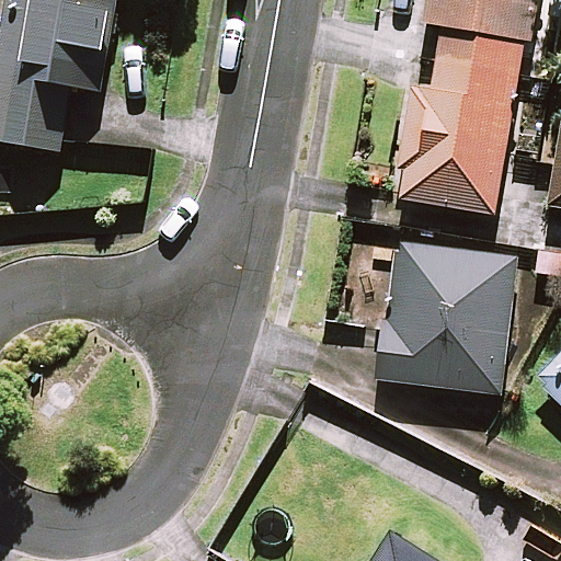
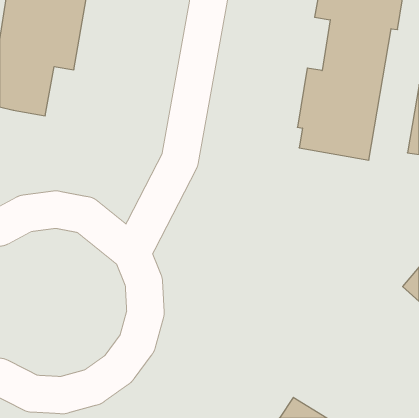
building: [375,241,522,396] -> none

